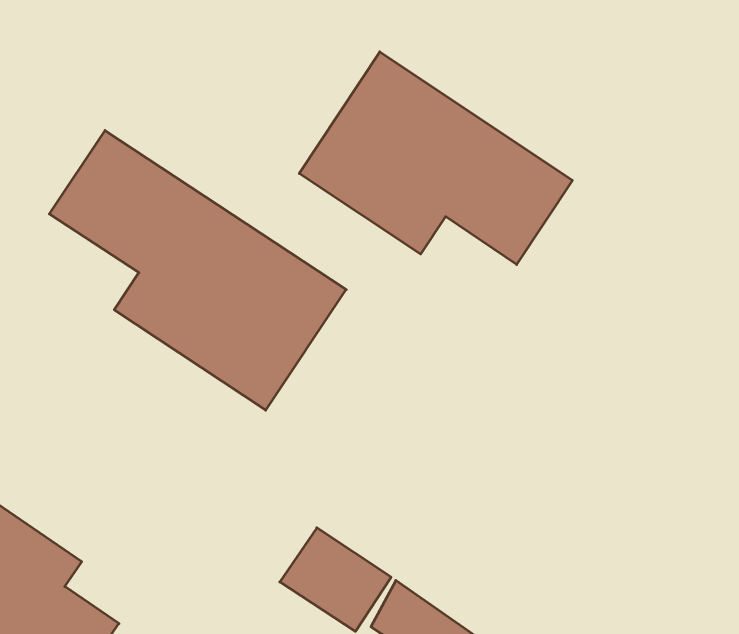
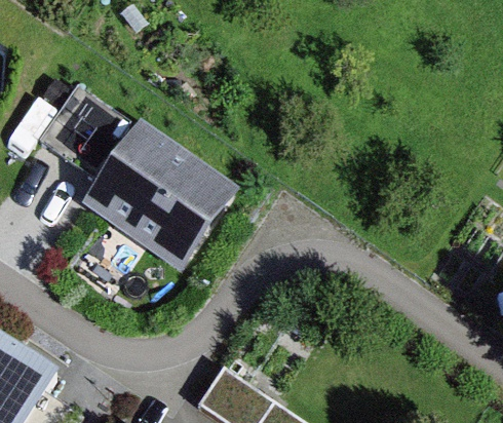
building: [299,52,572,265] -> none

